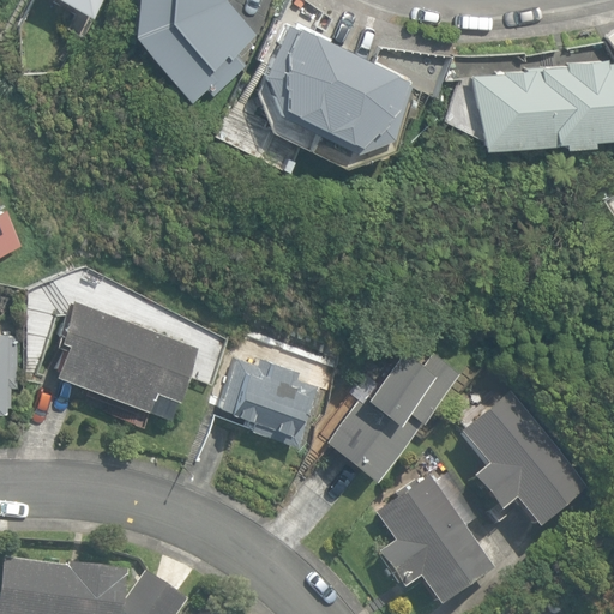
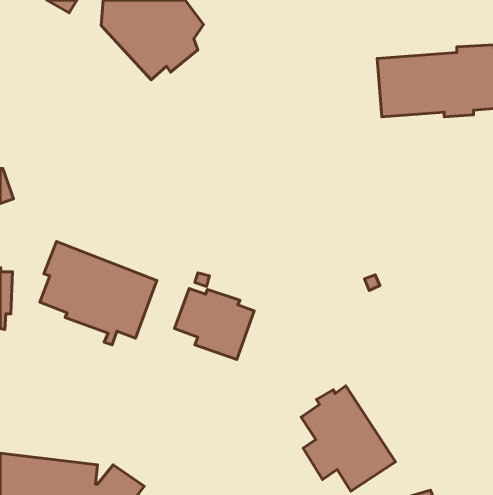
building: [266,23,410,149] -> none
building: [326,350,459,478] -> none
building: [460,395,590,532] -> none

